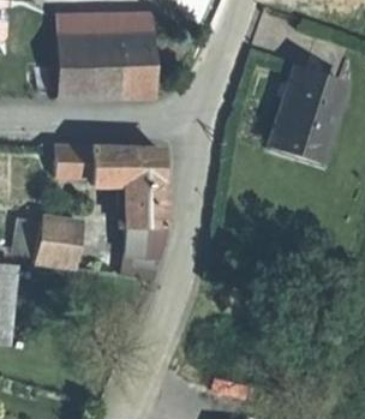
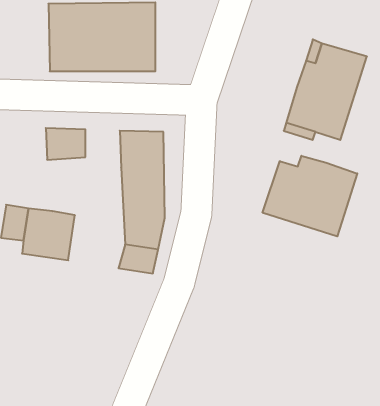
building: [91,148,124,182] -> none
building: none -> [263,156,357,236]

